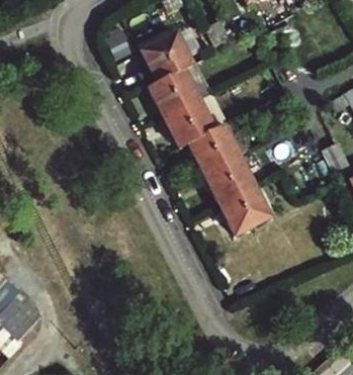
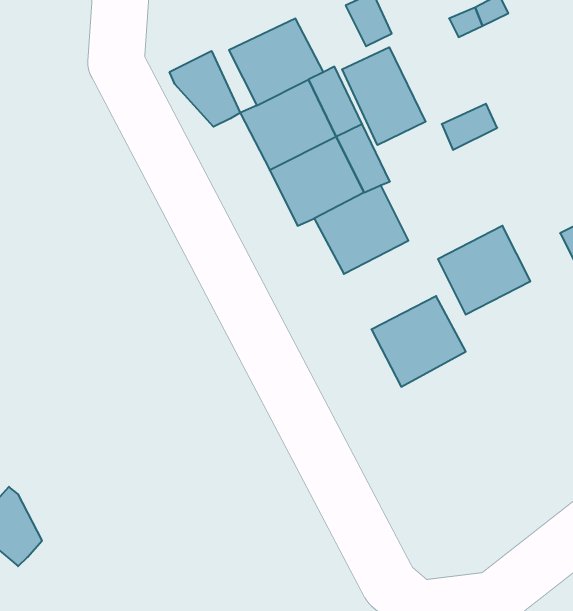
building: none -> [342,47,426,145]
building: none -> [170,51,240,127]
building: [202,154,253,202] -> [438,226,530,315]

